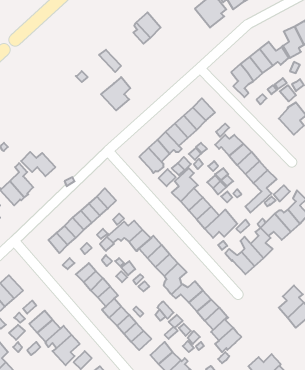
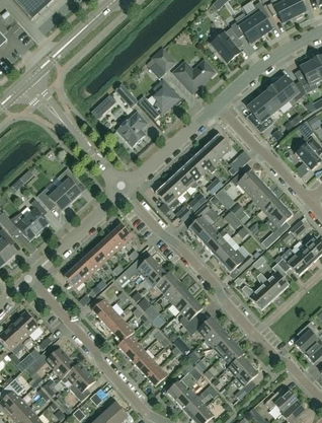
building: none -> [174,62,216,90]
building: none -> [152,79,182,115]
building: none -> [57,167,81,202]

